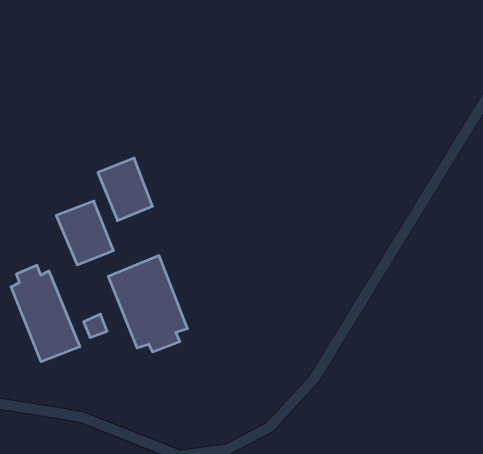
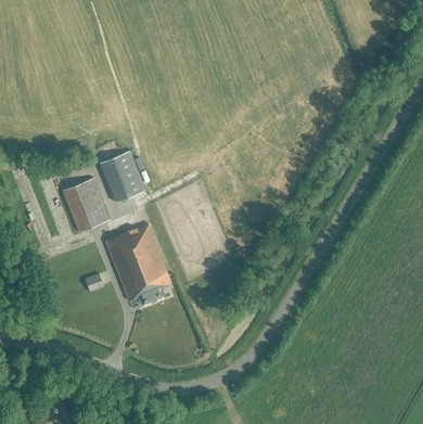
building: [11,265,80,362] -> none

